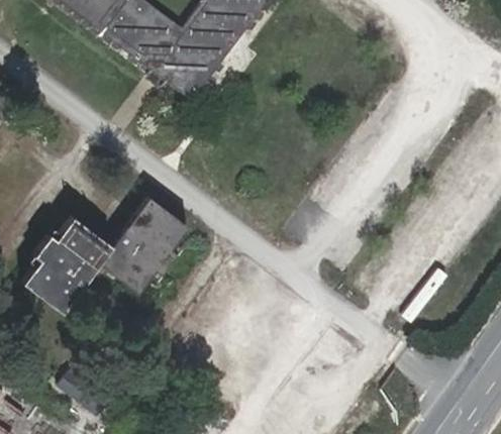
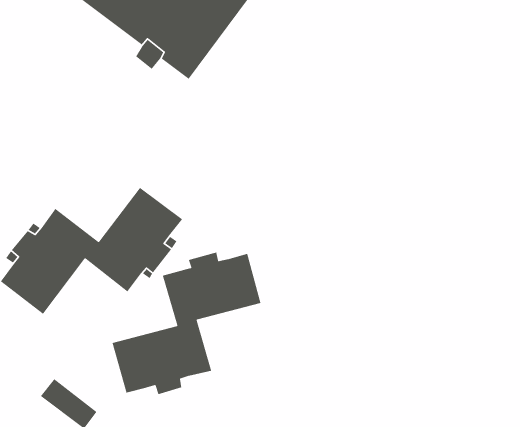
building: none -> [111,252,261,395]

